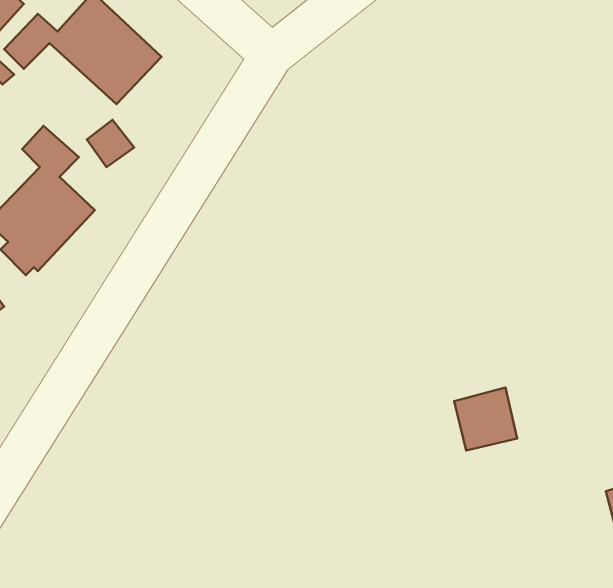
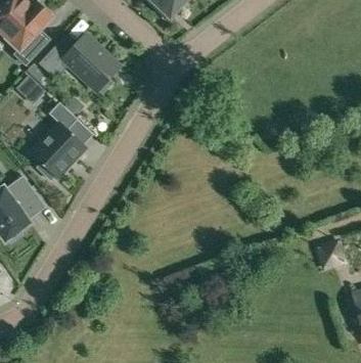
building: [454,388,517,450] -> [315,237,348,270]

